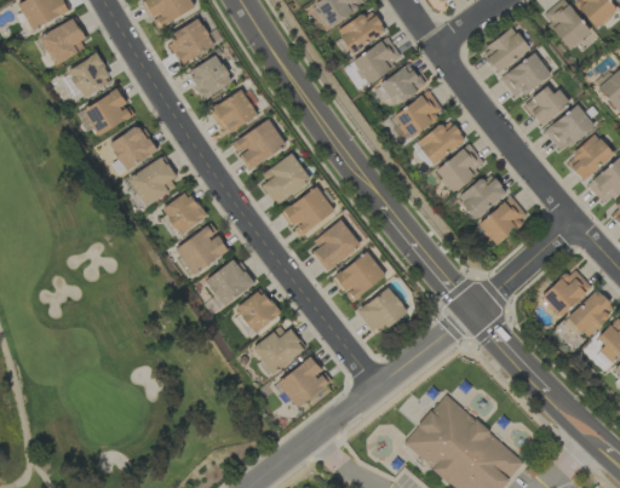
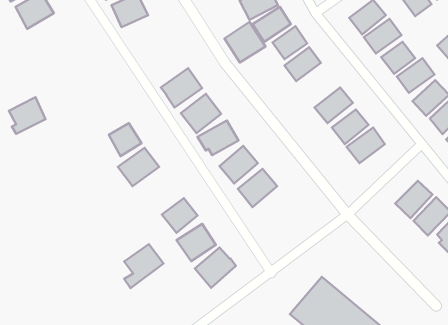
building: [67,54,113,98] -> none
building: [188,56,231,99] -> none
building: none -> [224,22,266,62]
building: [81,88,134,137] -> none
building: [208,90,257,134] -> none
building: [417,119,465,165] -> none
building: [108,125,156,173] -> [9,97,46,134]
building: [128,159,179,206] -> none
building: [203,258,256,316] -> [124,244,163,288]
building: [356,287,407,335] -> none

